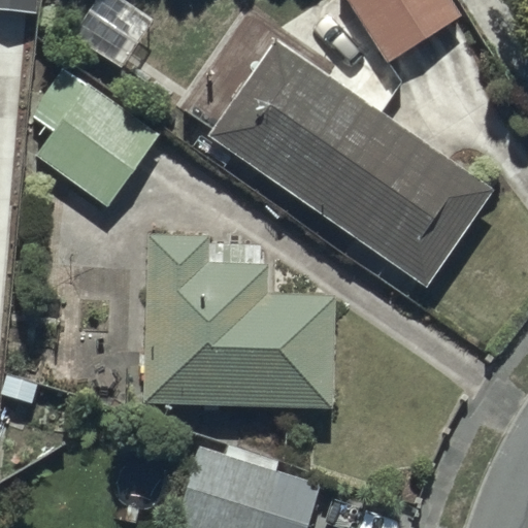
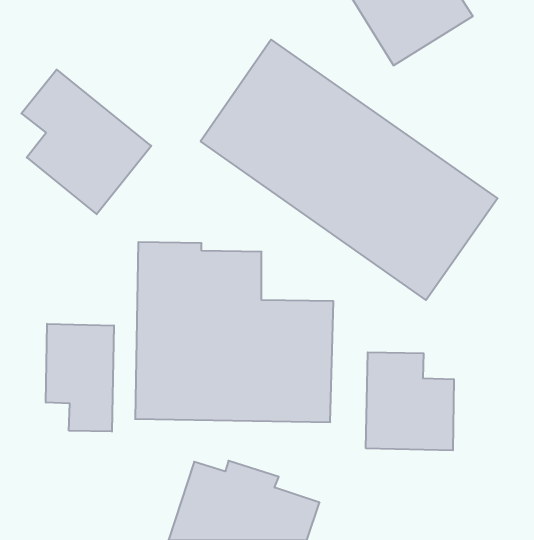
building: none -> [46,324,114,432]
building: none -> [366,352,454,450]

